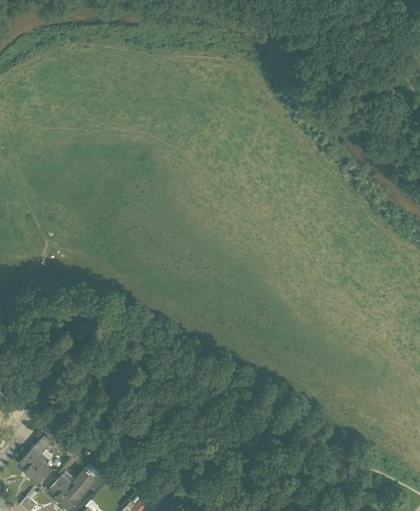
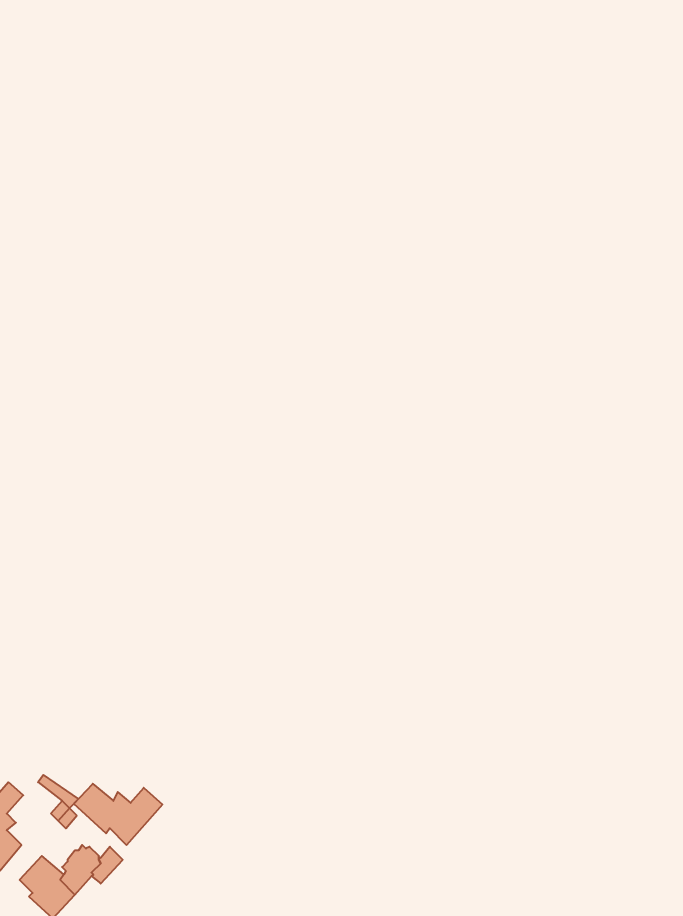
building: none -> [74,784,162,845]

